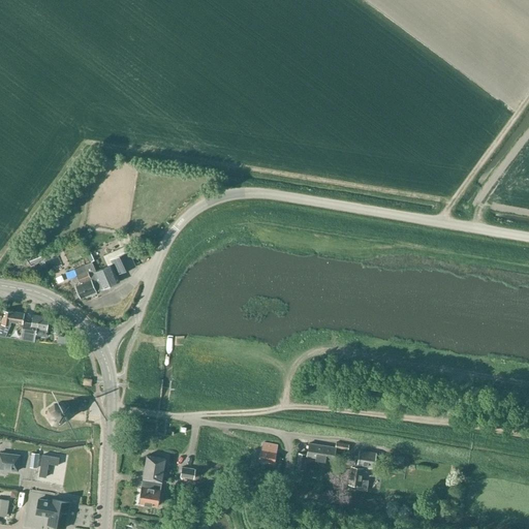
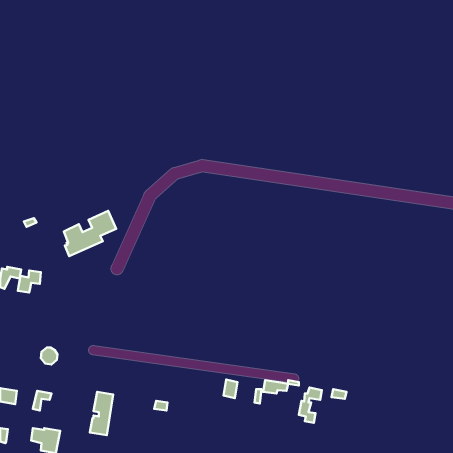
building: [138,456,165,506] -> [90,392,113,435]

